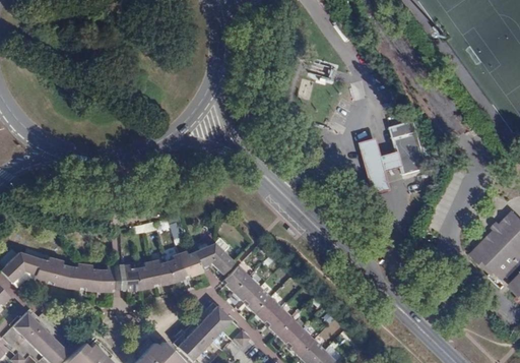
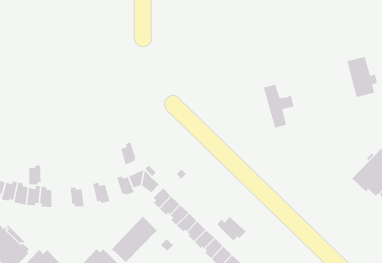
building: [392,119,432,172] -> [346,56,378,98]
building: [166,252,186,283] -> [120,141,137,166]
building: [136,260,154,290] -> none
building: [99,265,115,291] -> [29,165,42,185]
building: none -> [217,216,247,241]

